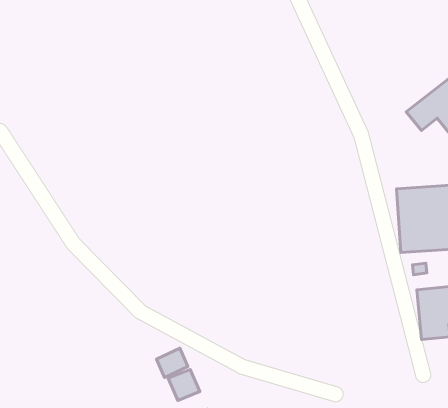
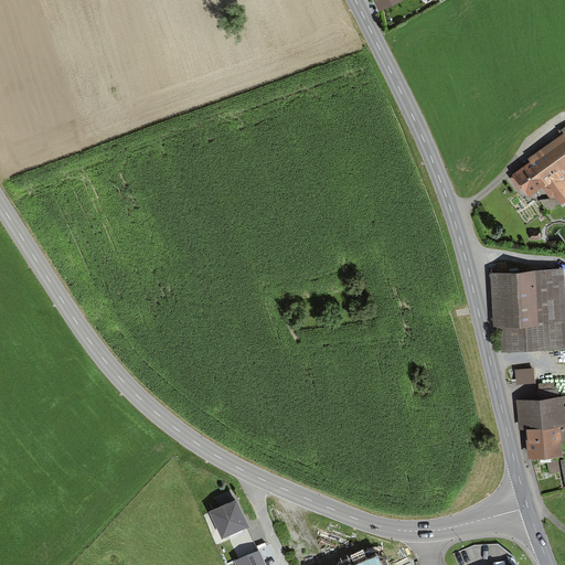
building: [156,348,188,377] -> none

